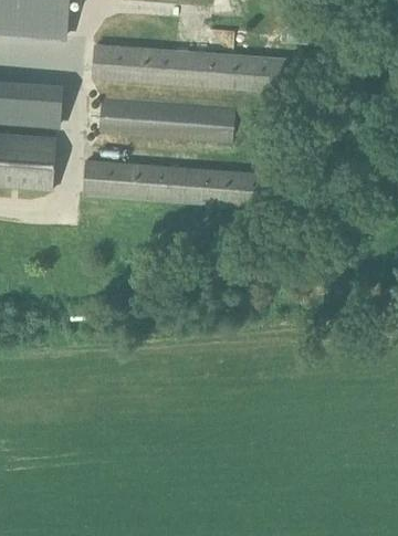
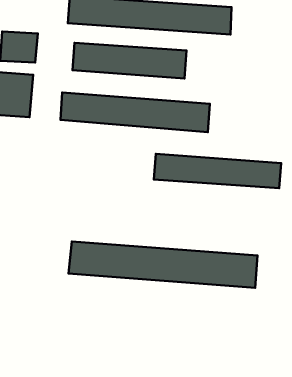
building: none -> [154,154,281,188]
building: none -> [68,242,258,288]

